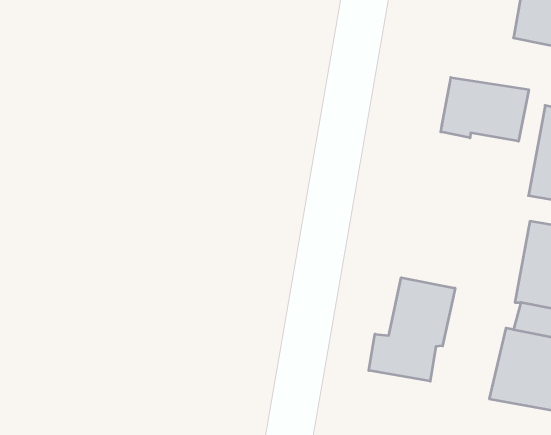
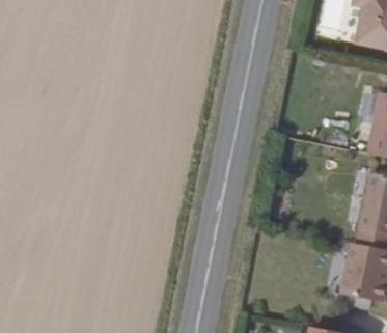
building: [441,77,529,141] -> none
building: [369,278,455,381] -> none

